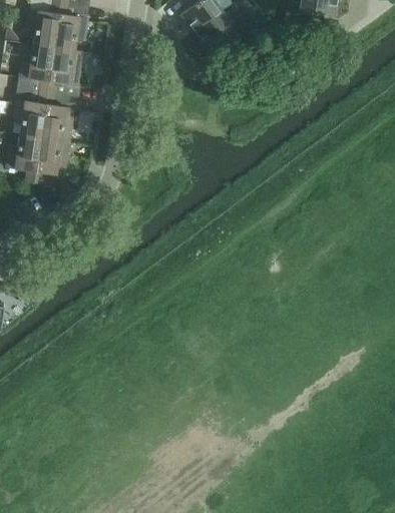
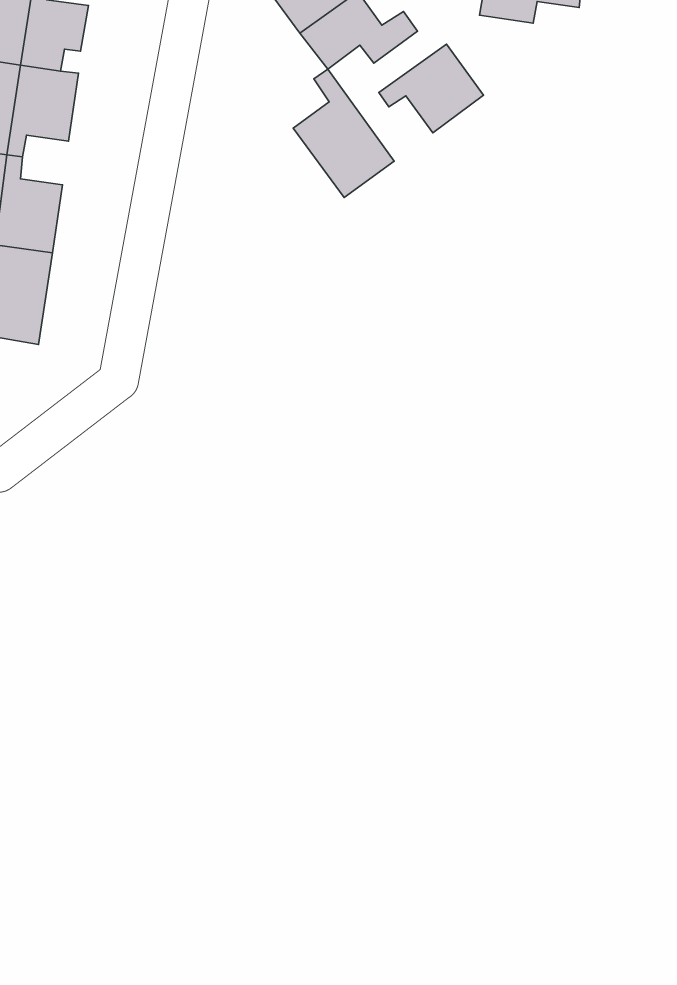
building: none -> [379,44,484,133]
building: none -> [293,69,394,197]

